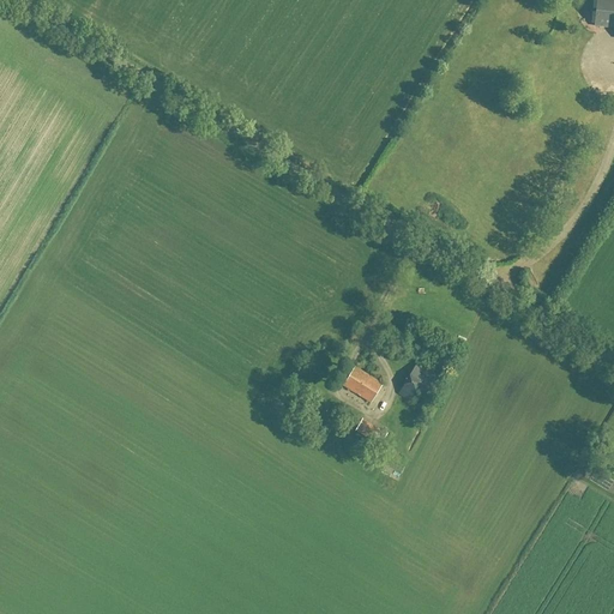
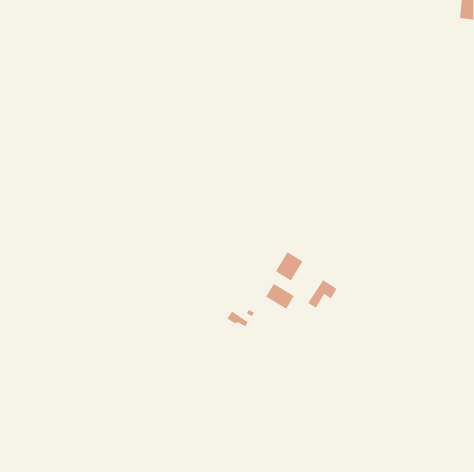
building: none -> [275,251,303,281]

